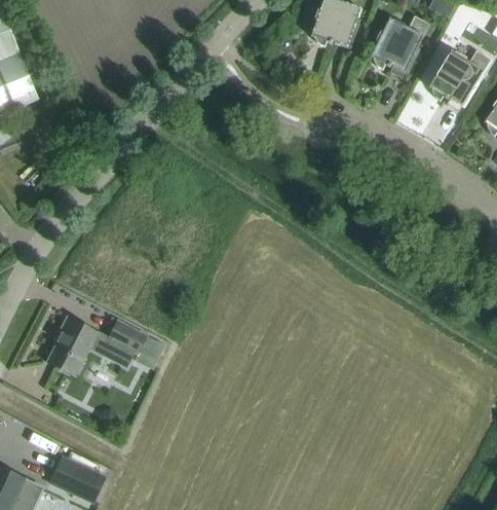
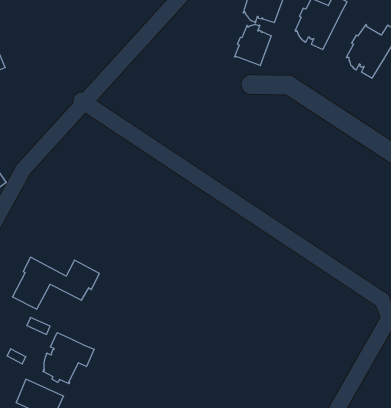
building: none -> [235,24,271,66]
building: none -> [43,333,94,384]

